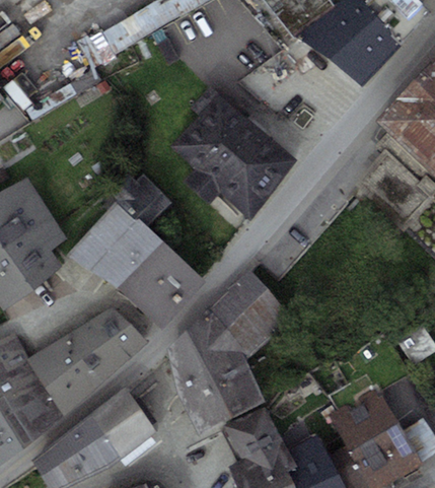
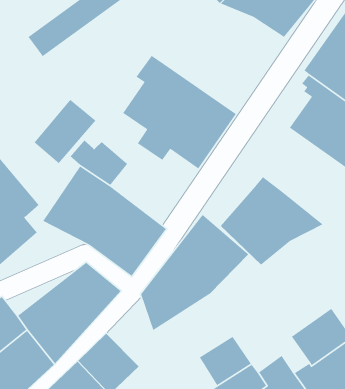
building: none -> [33,99,96,164]
building: none -> [220,176,324,266]
building: [177,358,266,433] -> none

